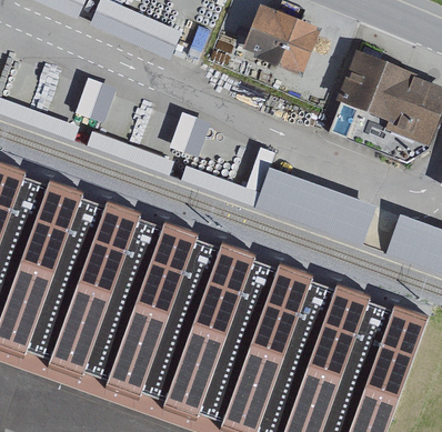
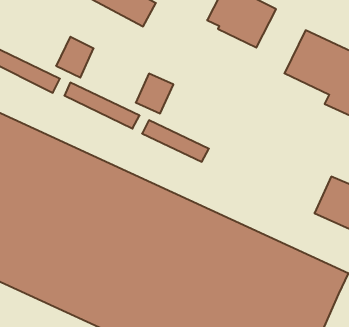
building: [252,164,375,244] -> none

